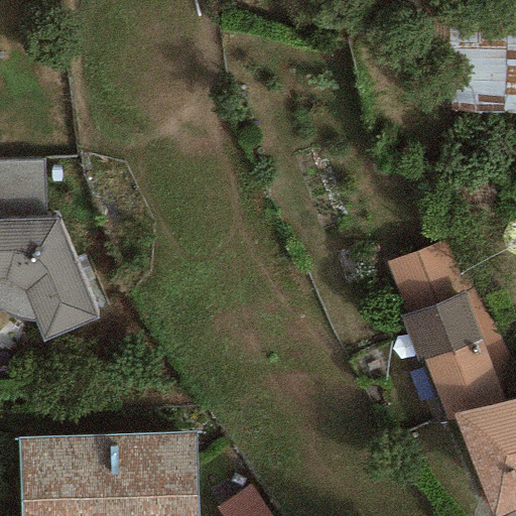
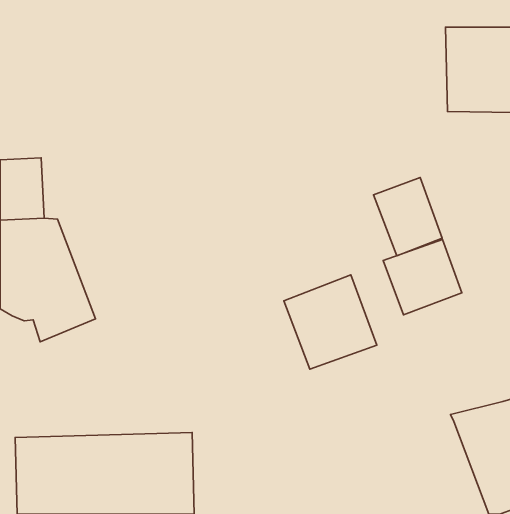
building: none -> [374,178,442,256]
building: none -> [284,275,377,369]
building: [402,293,508,425] -> none

